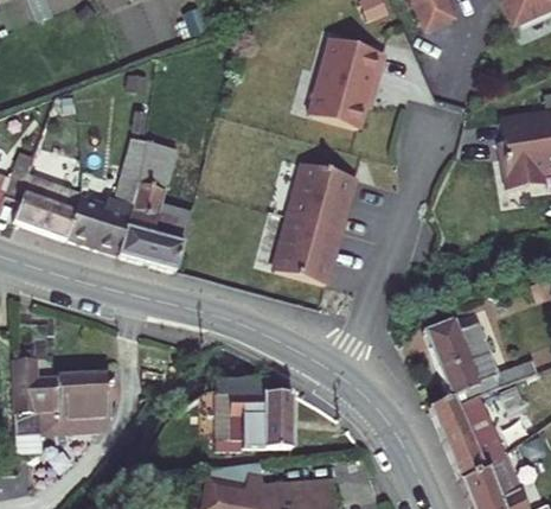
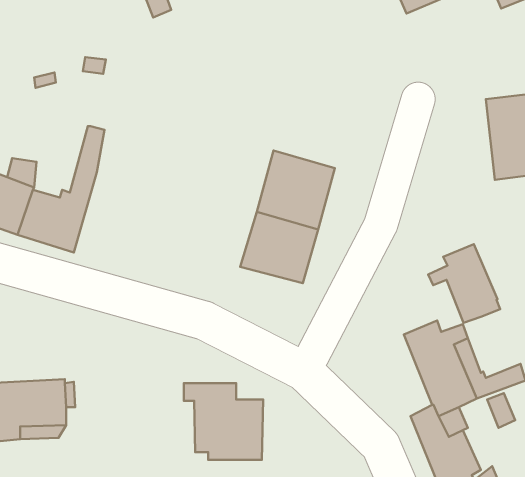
building: [308,33,389,126] -> none
building: [117,139,191,269] -> none
building: none -> [428,244,500,323]

